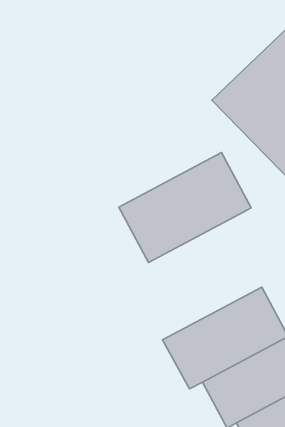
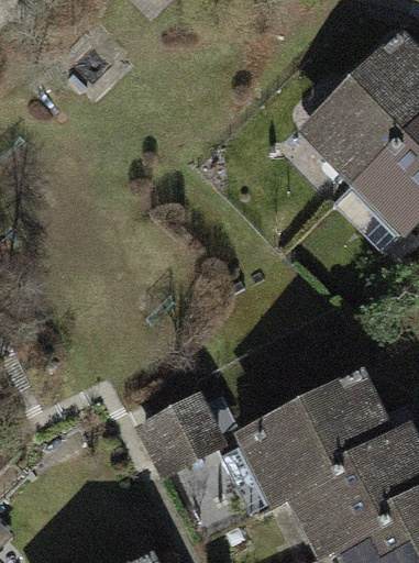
building: [119,152,251,263] -> none
building: none -> [136,397,222,478]

